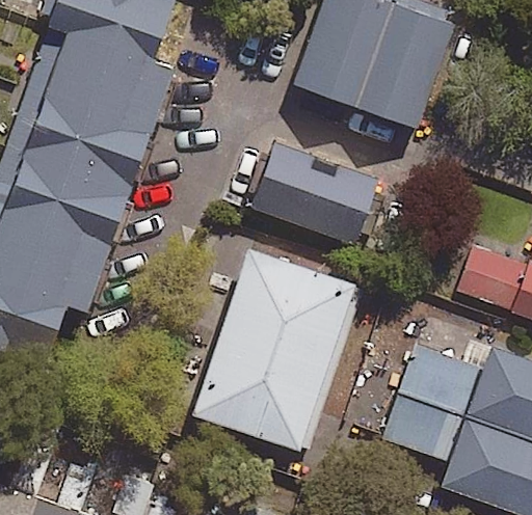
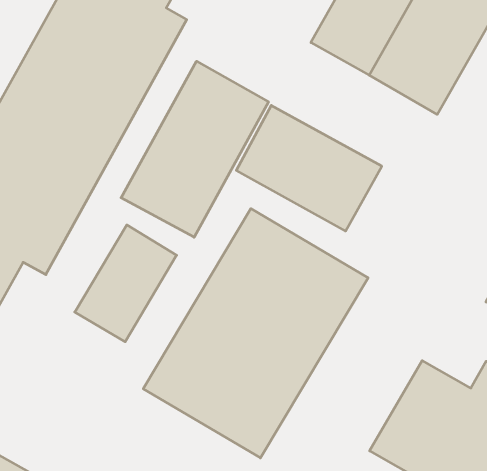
building: none -> [121,61,268,237]
building: none -> [75,225,177,342]

